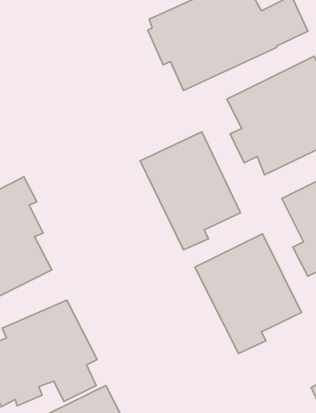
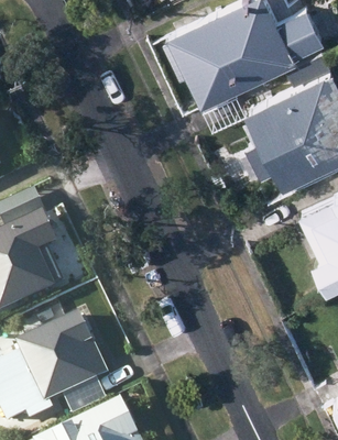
building: [140,132,240,250] -> none
building: [195,234,301,354] -> none

